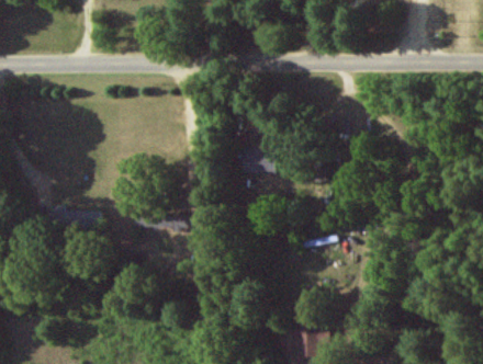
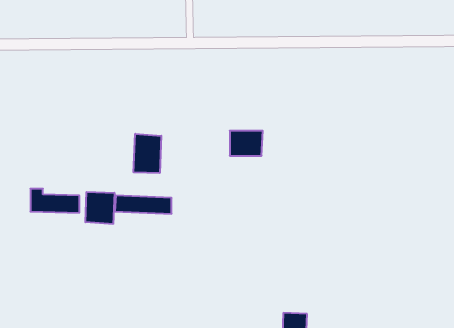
building: none -> [134,134,161,173]
building: none -> [85,192,114,224]

